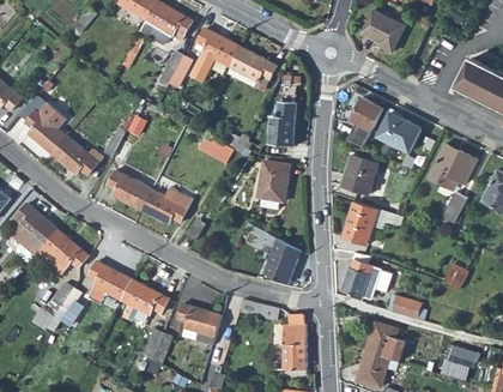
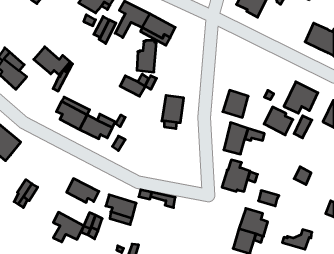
building: [350,96,384,144] -> none
building: [268,101,296,145] -> [137,41,156,72]
building: [380,111,420,151] -> [264,107,293,135]
building: [50,135,102,175] -> [34,47,70,75]
building: [243,222,299,283] -> none
building: [36,228,89,273] -> none
building: [89,260,132,302] -> [53,212,84,242]
building: [275,313,307,369] -> none

